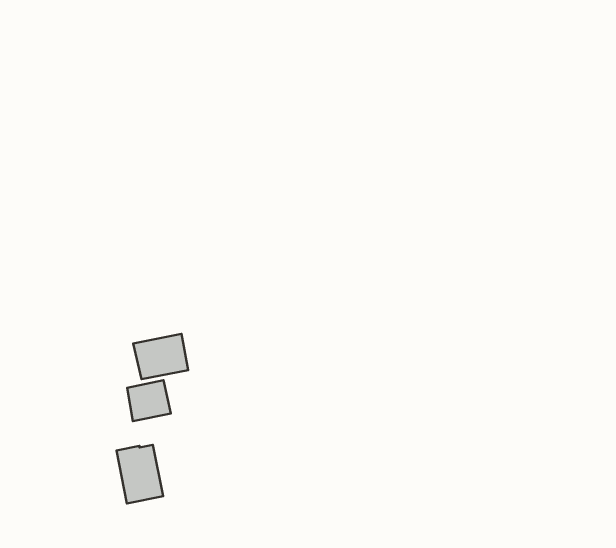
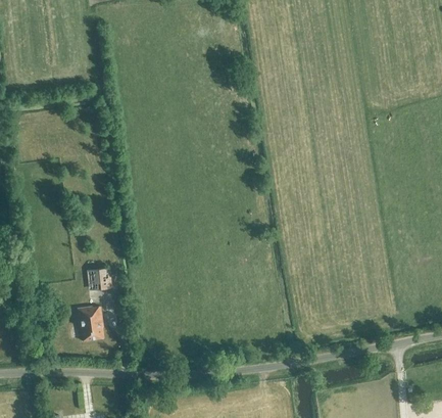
building: [133,334,188,379] -> none

